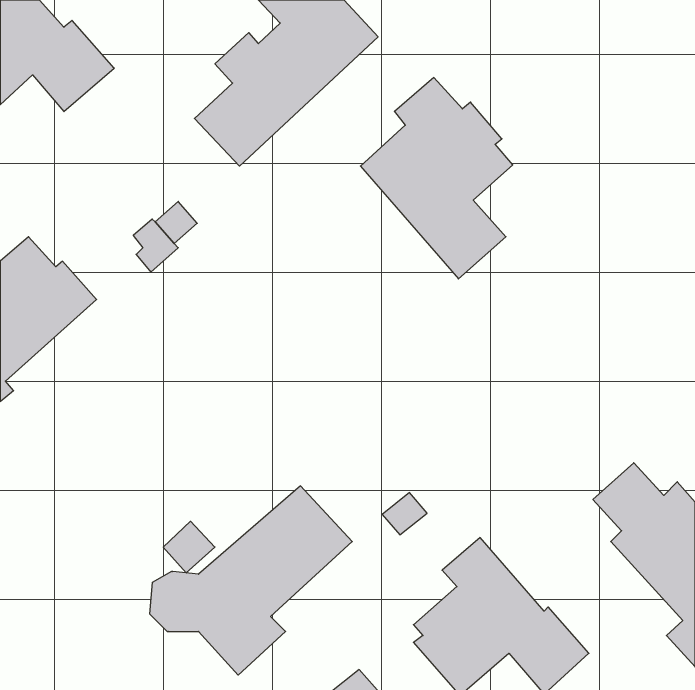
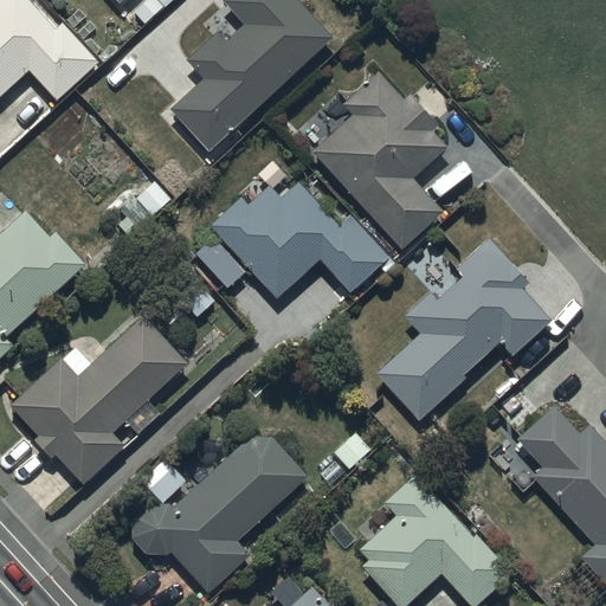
building: none -> [196,182,387,298]
building: none -> [376,240,550,419]
building: none -> [11,315,186,484]

